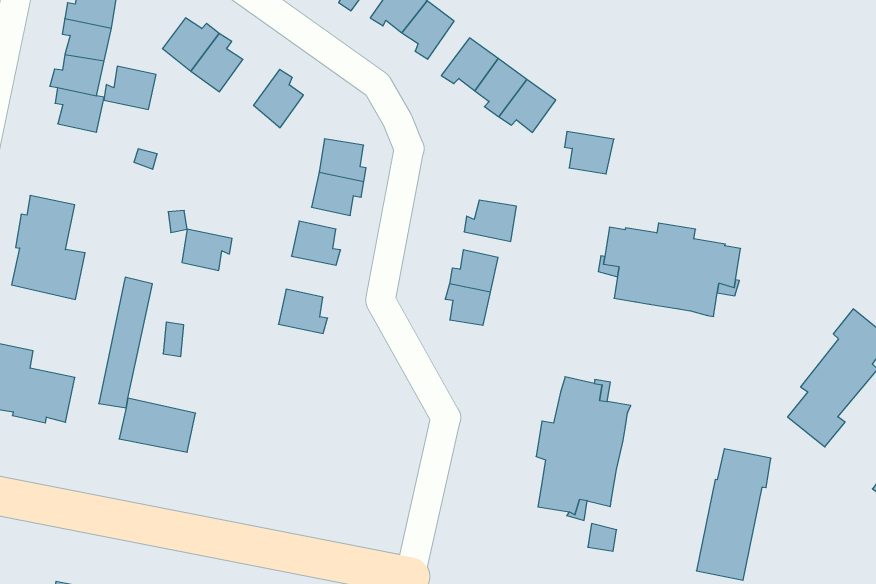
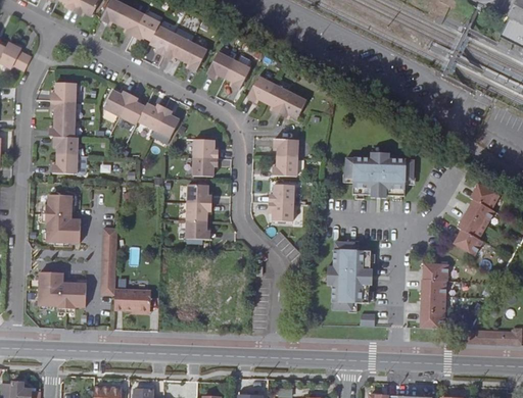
building: none -> [139,103,165,129]
building: [104,66,156,109] -> [53,154,78,173]
building: [564,131,614,174] -> [274,140,298,158]
building: [182,229,232,270] -> [187,202,210,220]

